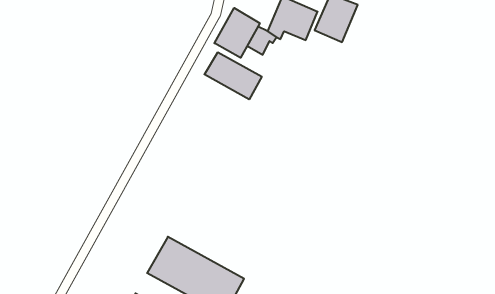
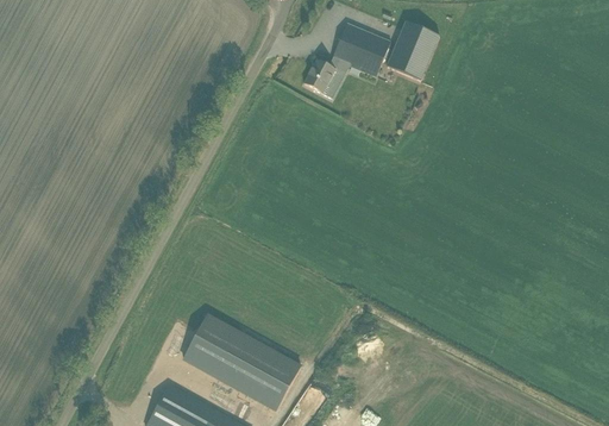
building: [214,8,260,58] -> none
building: [204,52,262,99] -> none

